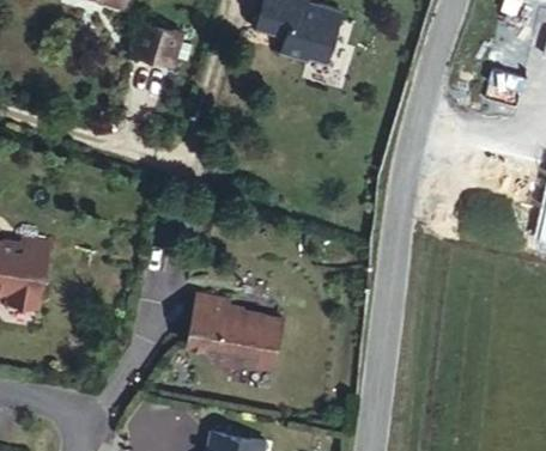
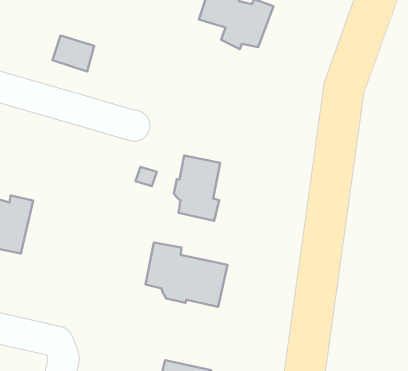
building: [133,20,182,62] -> [52,36,94,71]
building: none -> [174,155,220,221]

